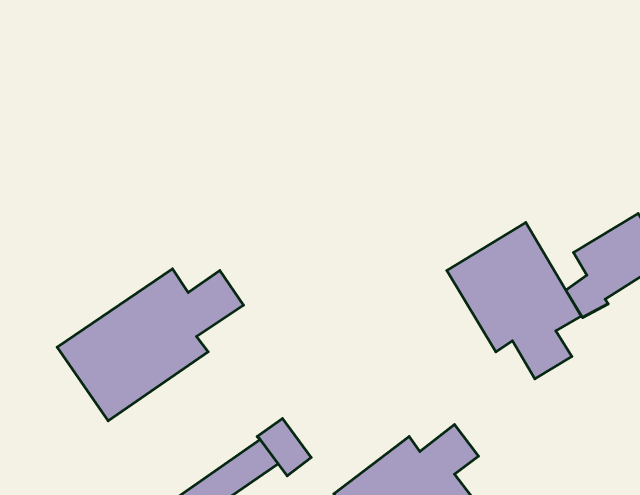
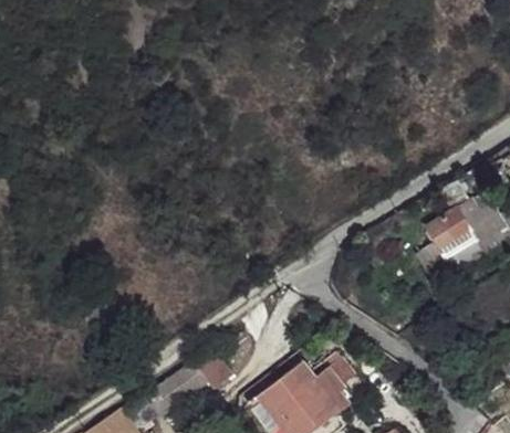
building: [447,223,581,379] -> none
building: [57,269,244,421] -> none

